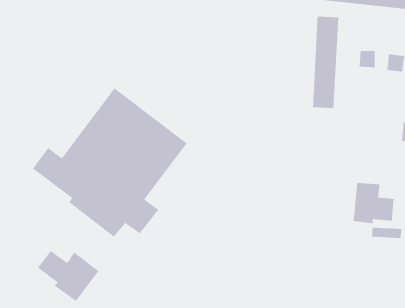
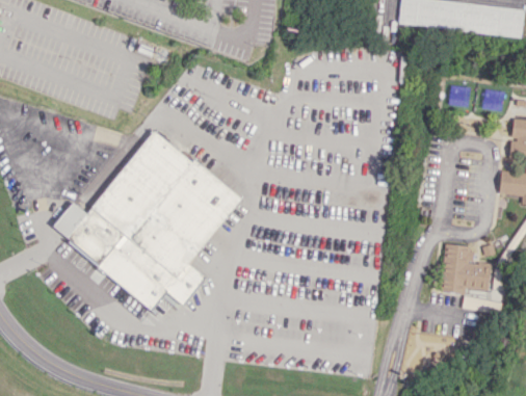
building: [312,16,339,109] -> none
building: [37,250,99,302] -> none

